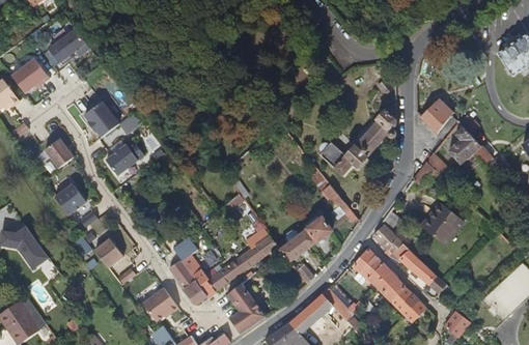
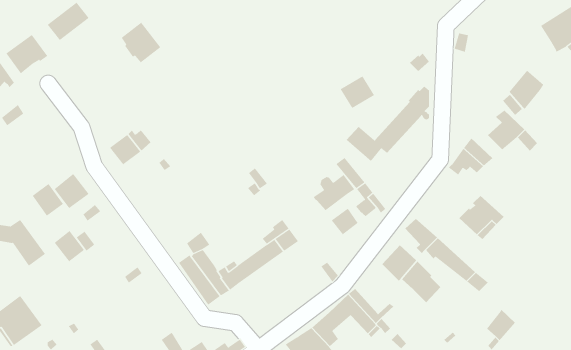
building: none -> [340,76,375,109]
building: [420,97,452,134] -> [508,70,544,110]
building: [84,100,120,138] -> [121,22,161,63]
building: [45,139,74,169] -> [32,183,64,216]
building: [277,227,315,260] -> [313,174,355,211]
building: [95,240,123,269] -> [54,230,85,262]
building: [226,282,263,333] -> none
building: [391,287,427,321] -> none
building: [142,288,177,322] -> none

